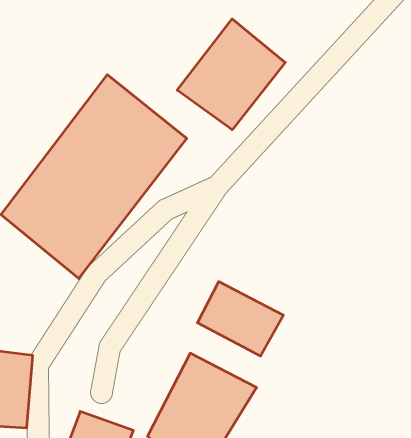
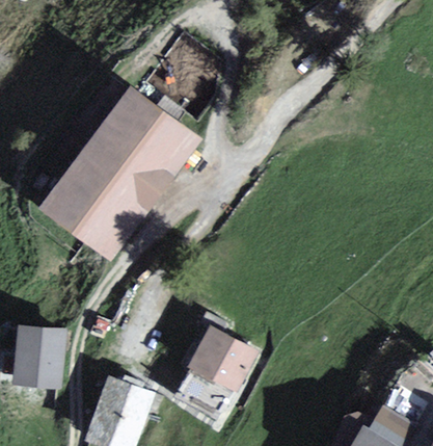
building: [177,19,285,130] -> none
building: [197,282,283,356] -> none

